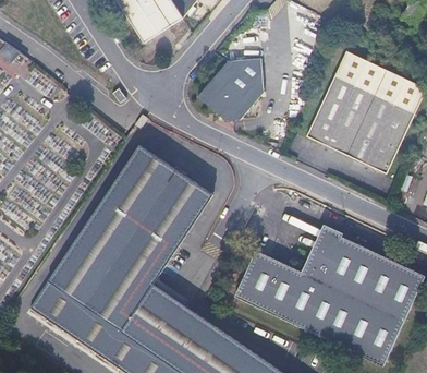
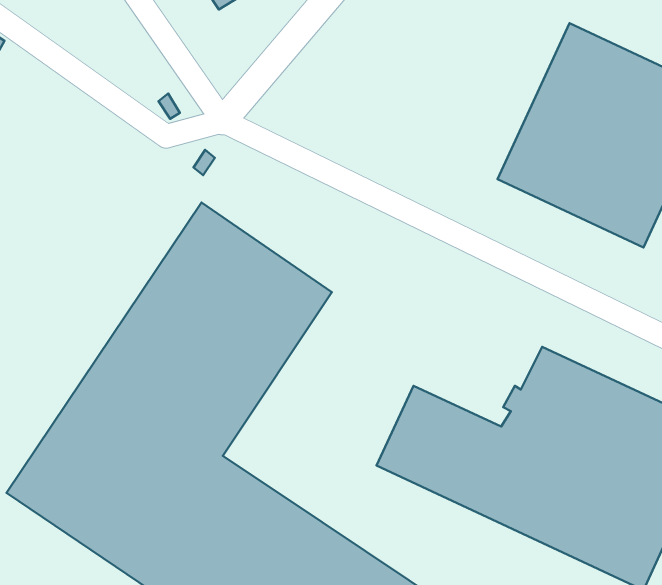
building: [196,57,263,125] -> none

